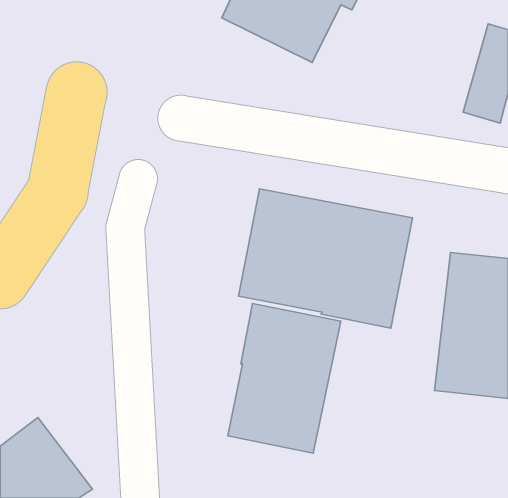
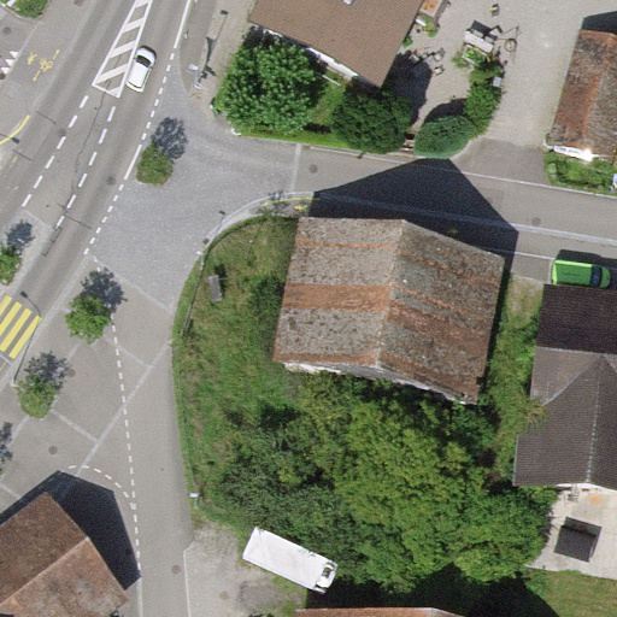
building: [228,304,341,453] -> none

